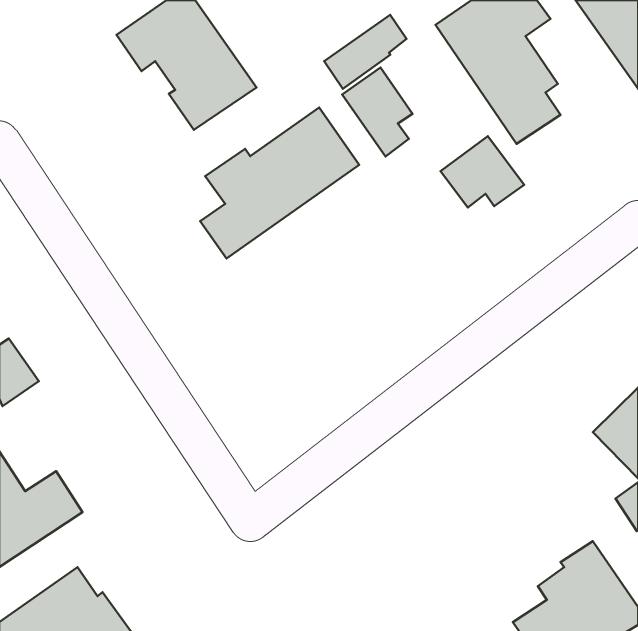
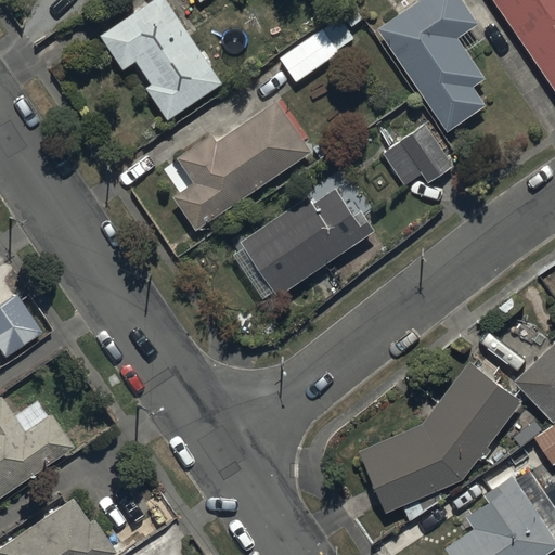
building: [342,67,413,156] -> none
building: none -> [242,189,375,296]
building: none -> [358,362,519,514]

